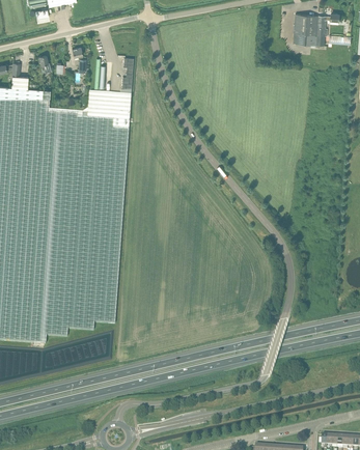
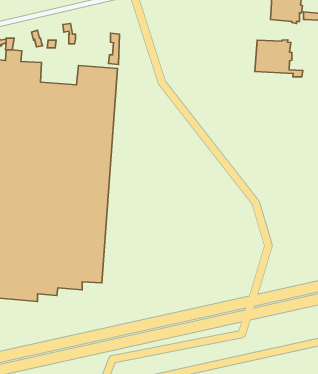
building: none -> [255,40,303,77]

